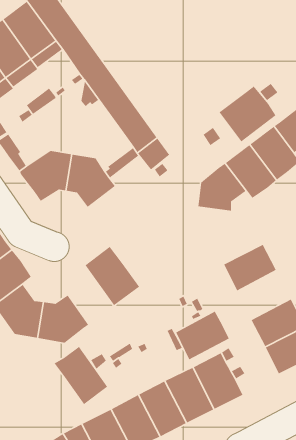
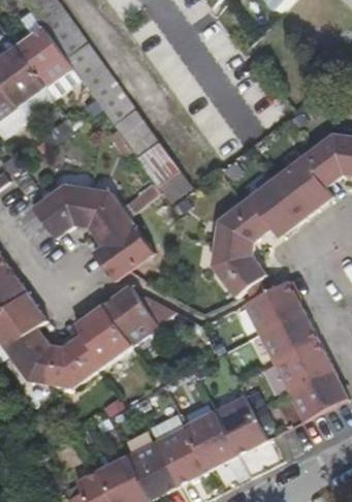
building: [218,85,277,142] -> none
building: none -> [93,221,153,278]
building: none -> [217,243,269,296]
building: [175,311,230,360] -> [261,310,319,363]
building: [54,346,108,405] -> [73,305,131,368]

